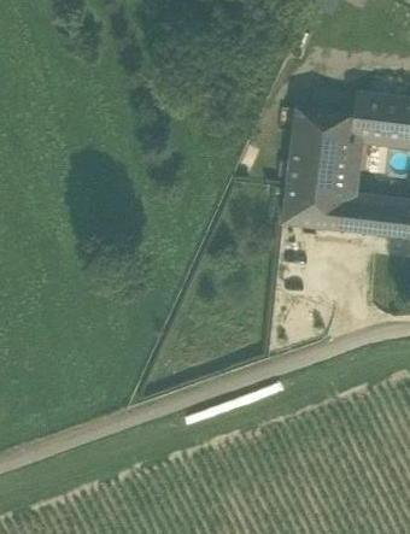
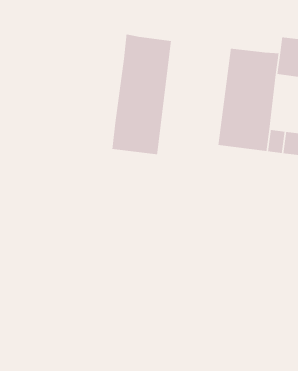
building: none -> [111,34,172,155]

